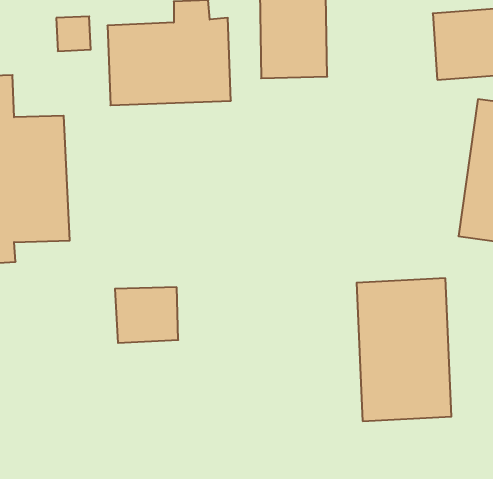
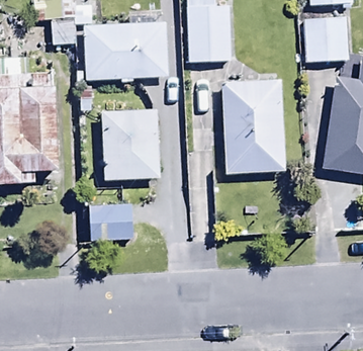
building: none -> [101,108,161,180]
building: [357,278,451,421] -> [221,79,285,175]

